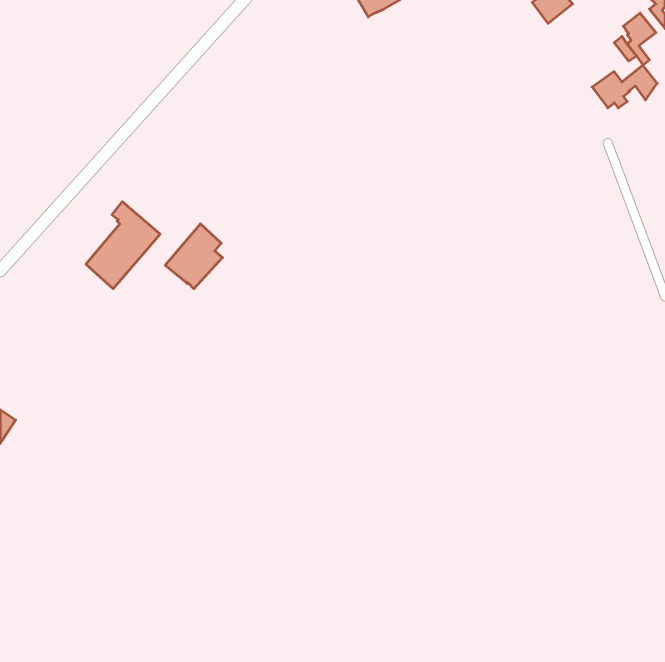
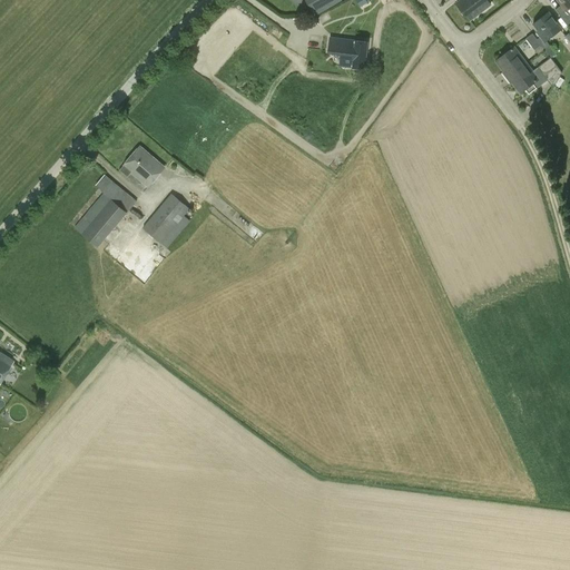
building: none -> [327,36,367,68]
building: none -> [495,46,525,75]
building: none -> [119,145,165,186]

